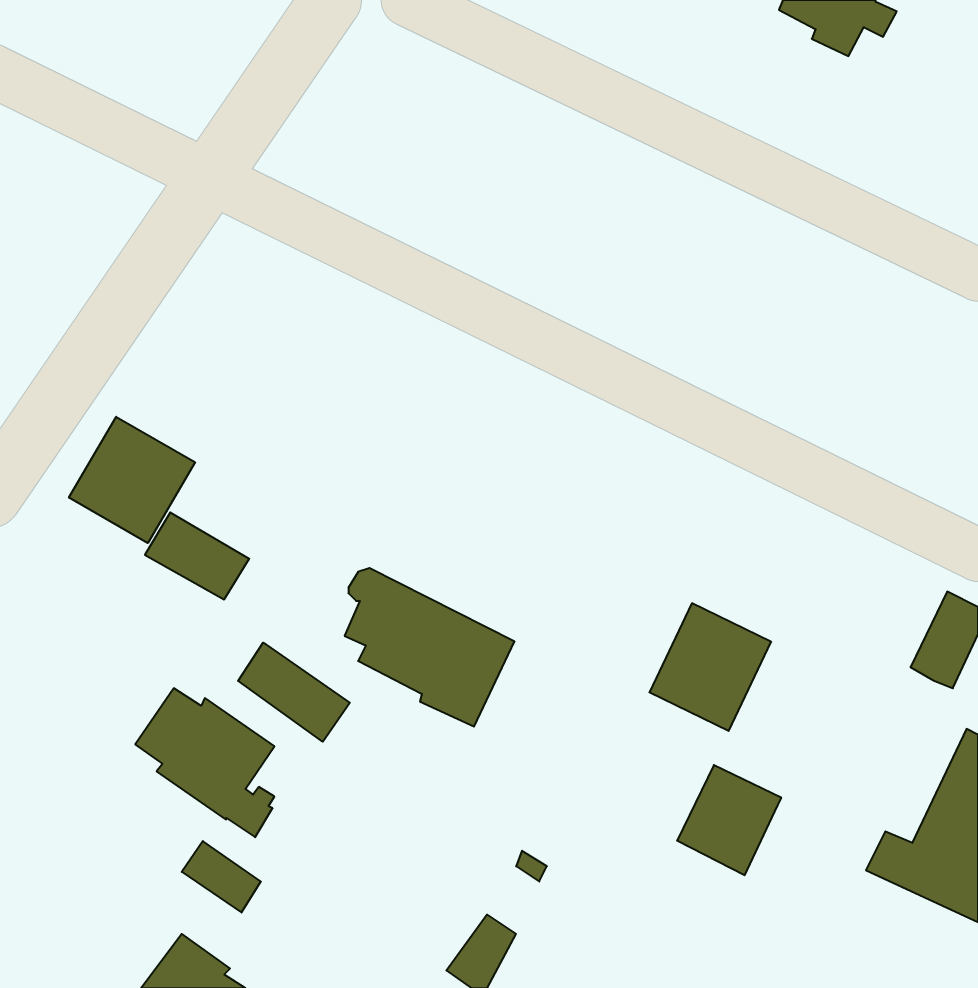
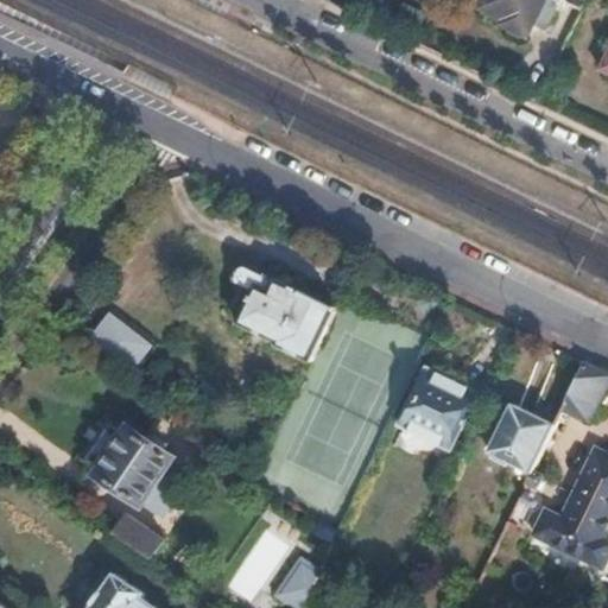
building: [69,417,195,543] -> none
building: [345,568,515,727] -> [229,265,334,362]
building: [238,643,350,742] -> none
building: [677,765,781,875] -> [487,406,551,474]

